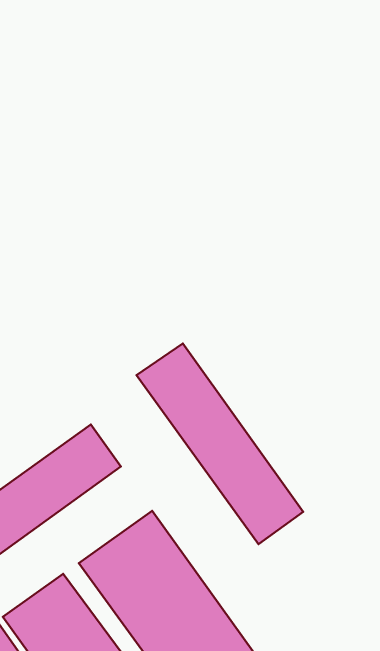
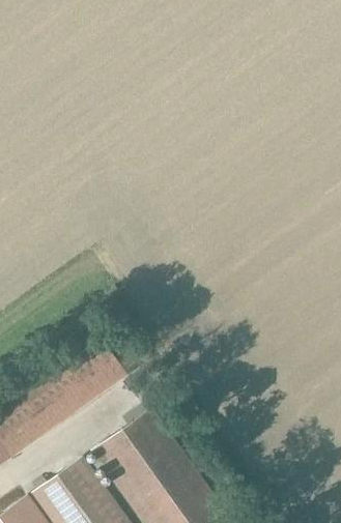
building: [137,344,303,544] -> none

